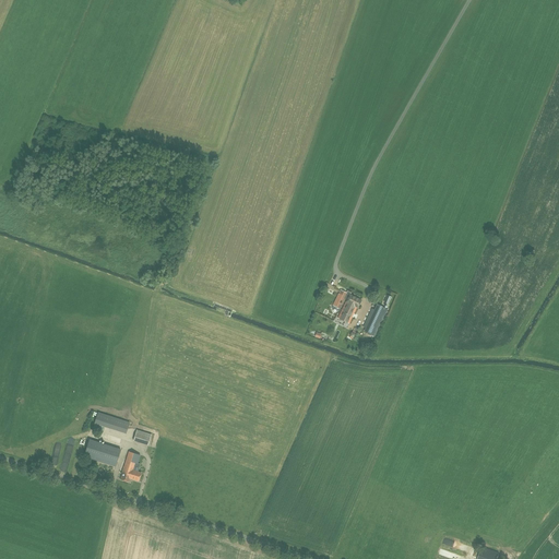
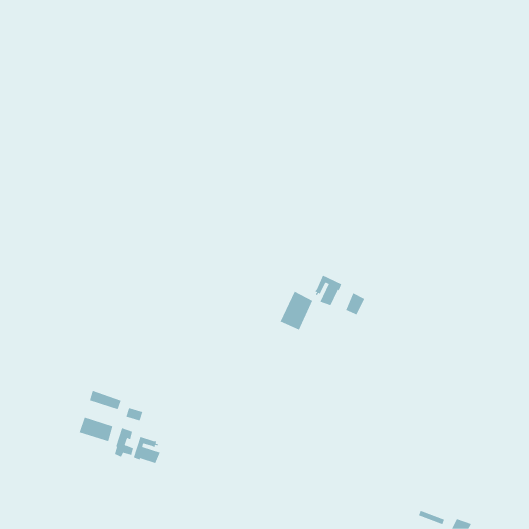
building: none -> [280,291,313,331]
building: none -> [133,436,160,464]

